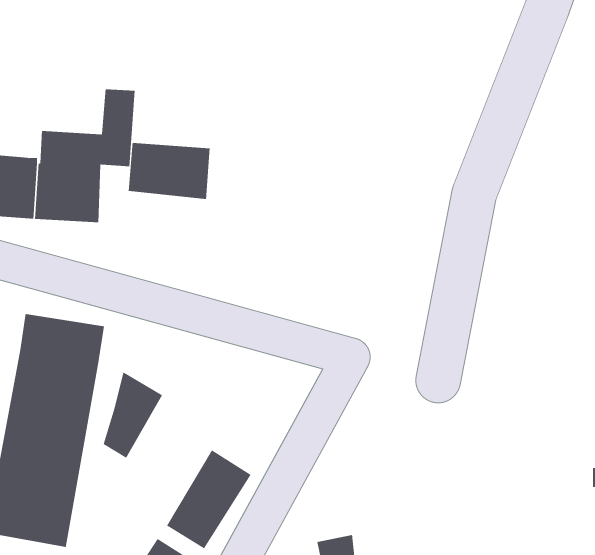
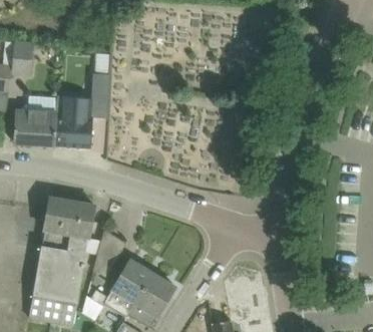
building: [128,142,210,200] -> none
building: none -> [90,260,152,317]

